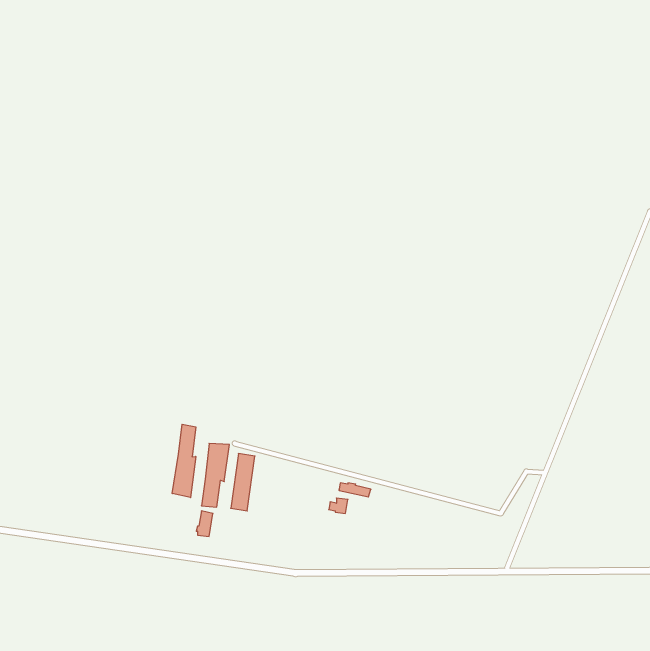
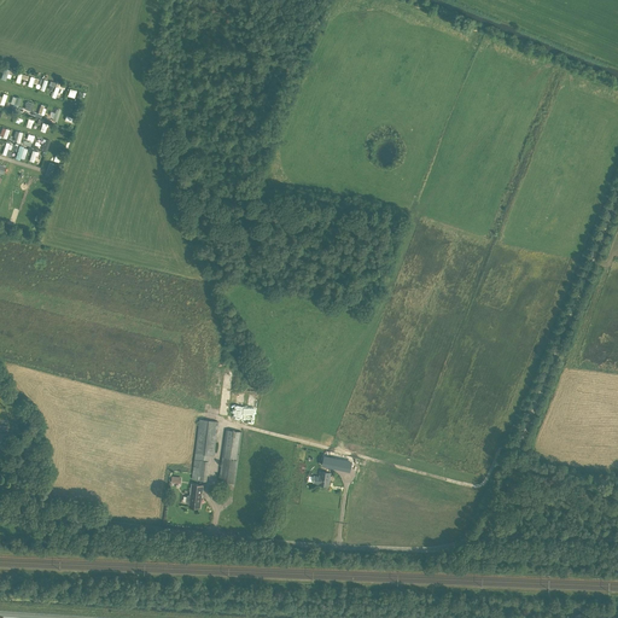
building: [172,424,196,498] -> none

